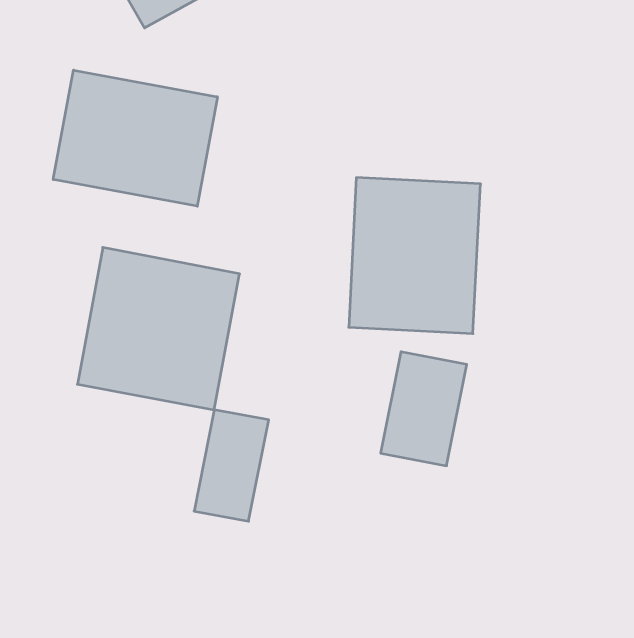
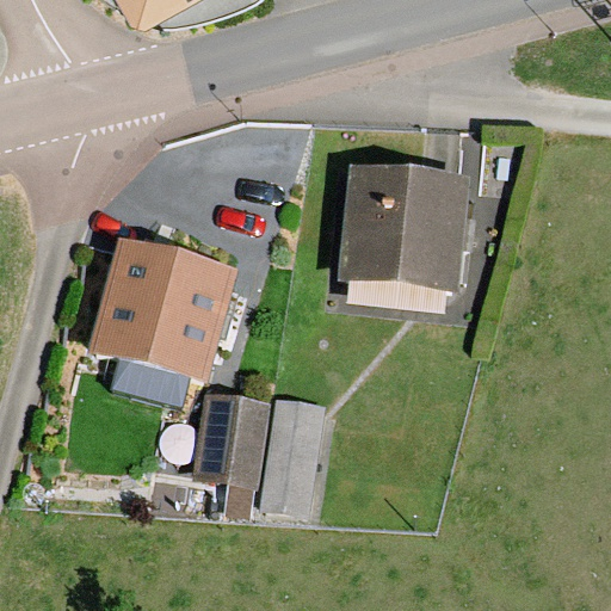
building: [53,70,217,206] -> none
building: [381,352,467,466] -> [247,395,328,502]

